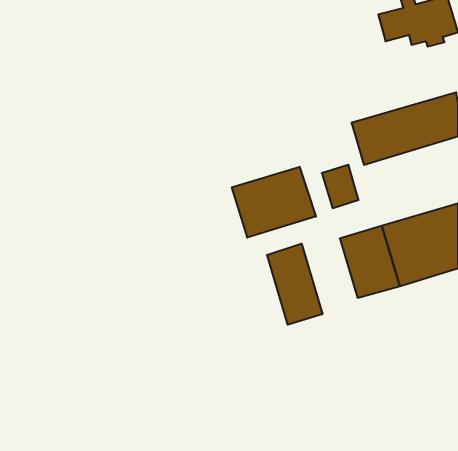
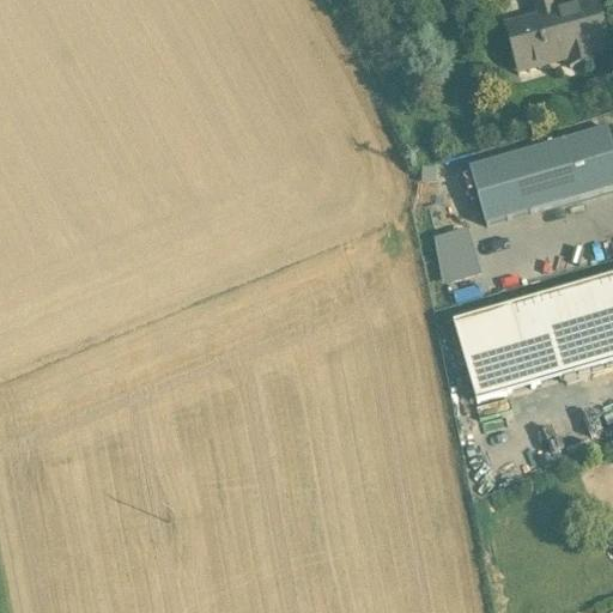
building: [232,167,316,238] -> none
building: [267,244,322,325] -> none

